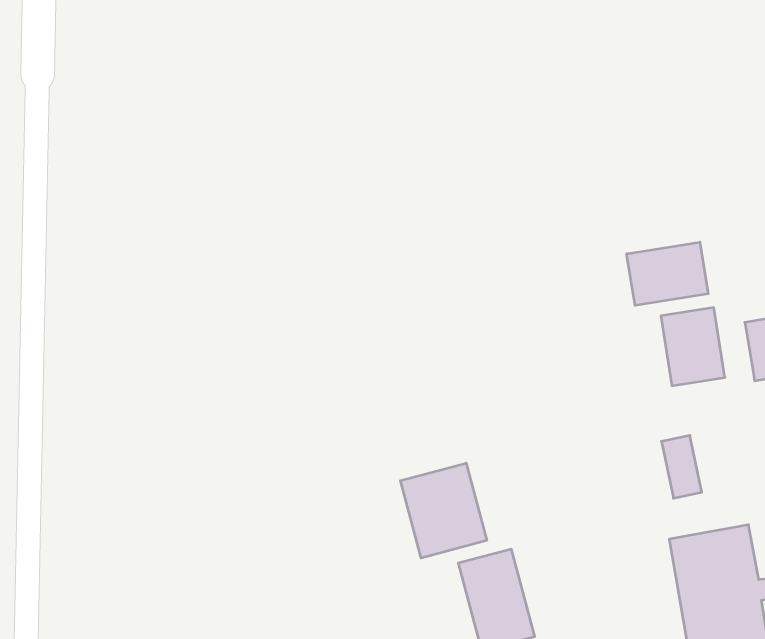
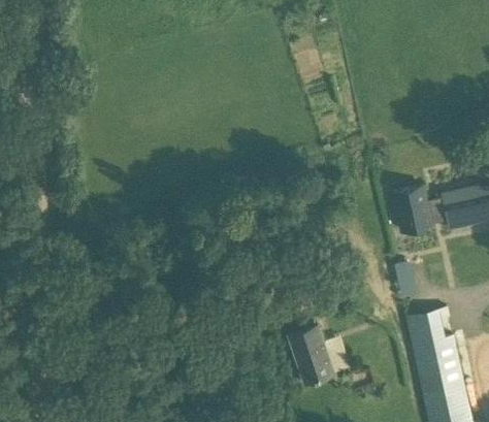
building: [627,242,708,305] -> none
building: [400,463,487,558] -> none

